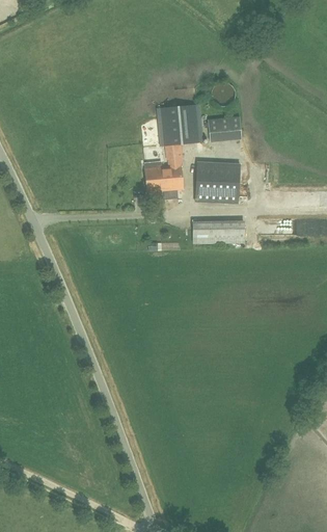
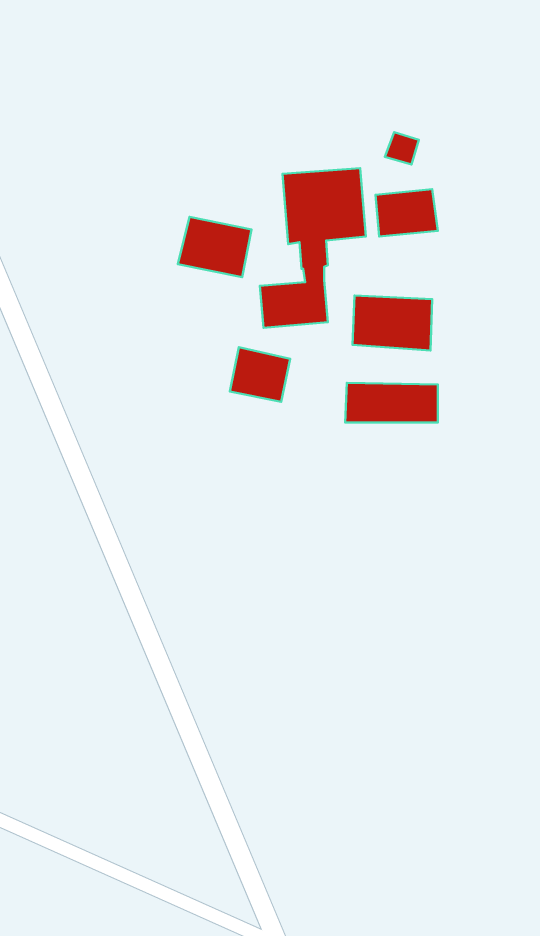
building: none -> [178,217,252,277]
building: none -> [230,347,290,402]

